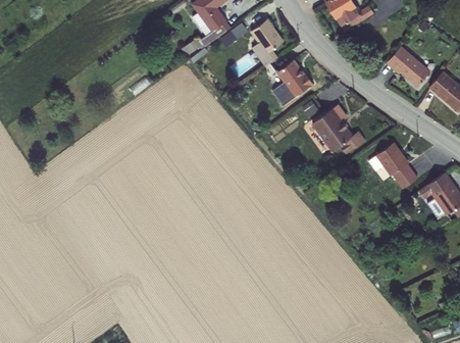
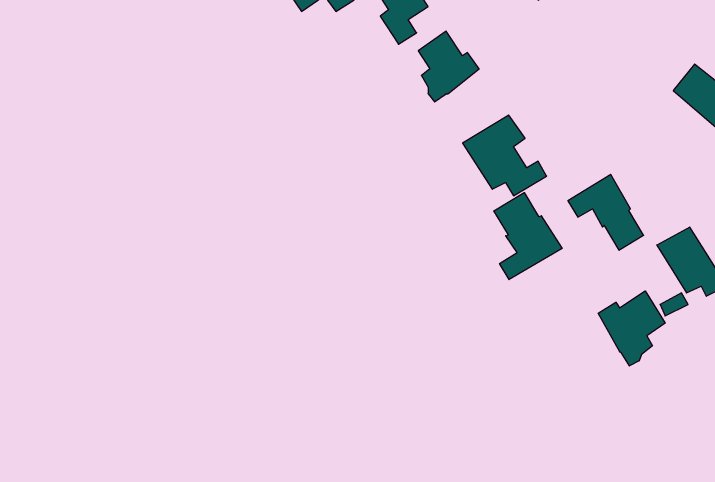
building: [389,47,433,87] -> none
building: none -> [494,193,562,280]
building: none -> [598,291,665,366]

